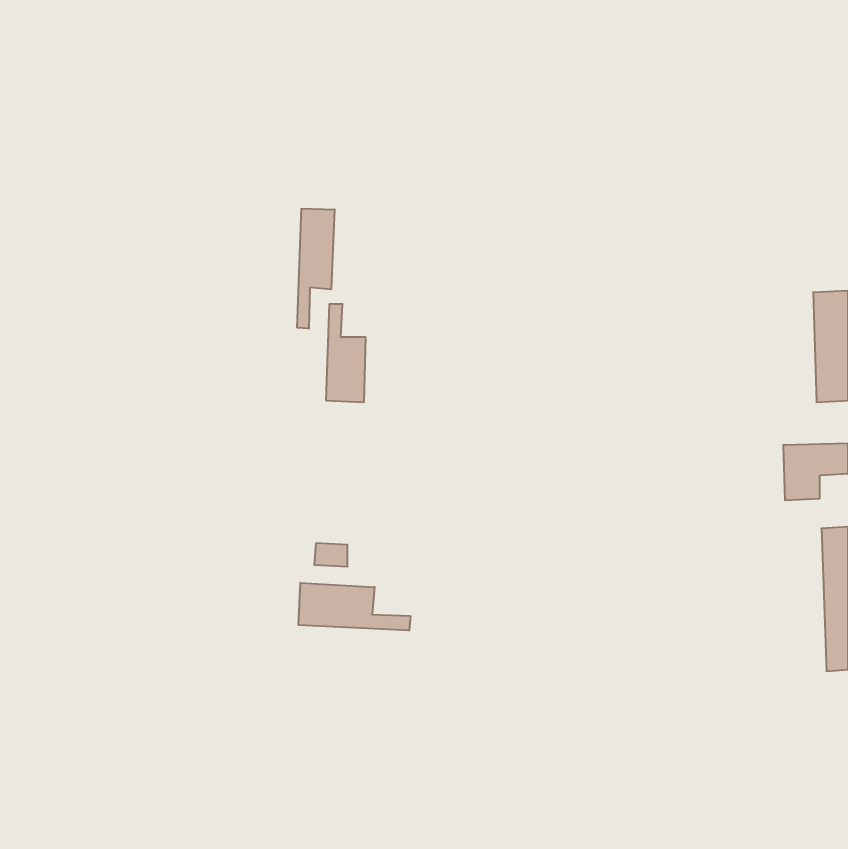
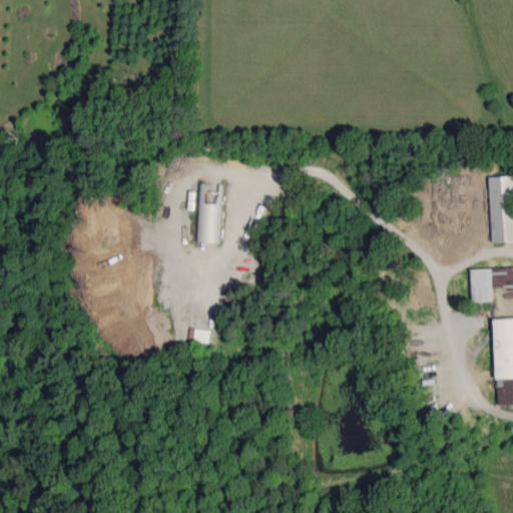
building: [297,209,335,329] -> none
building: [299,583,410,631] -> none

